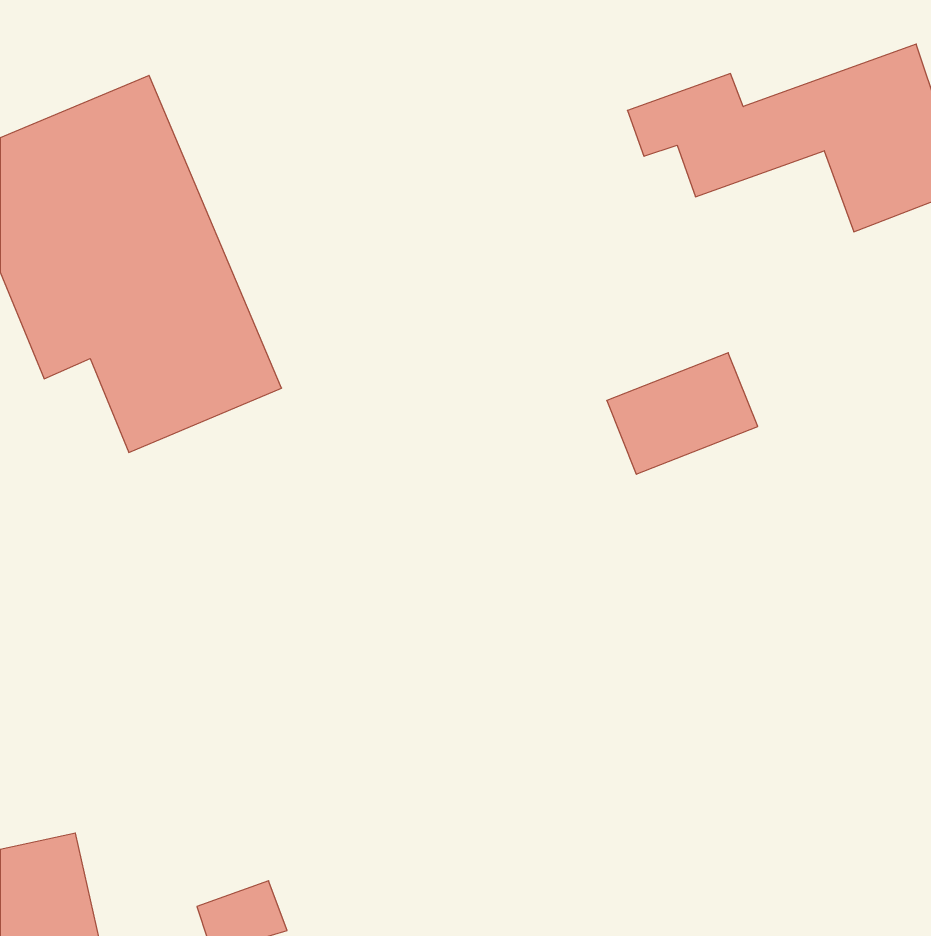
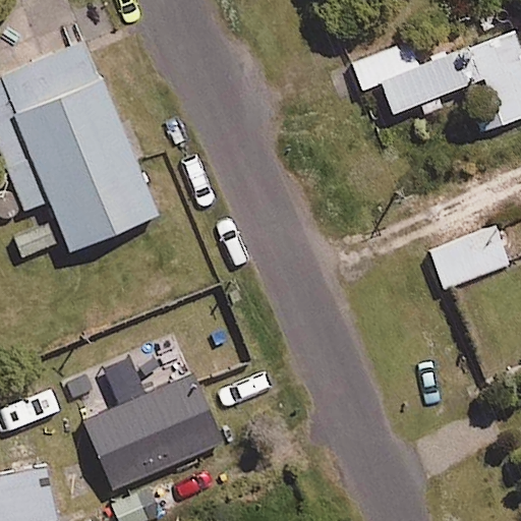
building: [607,353,758,474] -> [426,224,510,291]
building: none -> [81,373,221,490]

